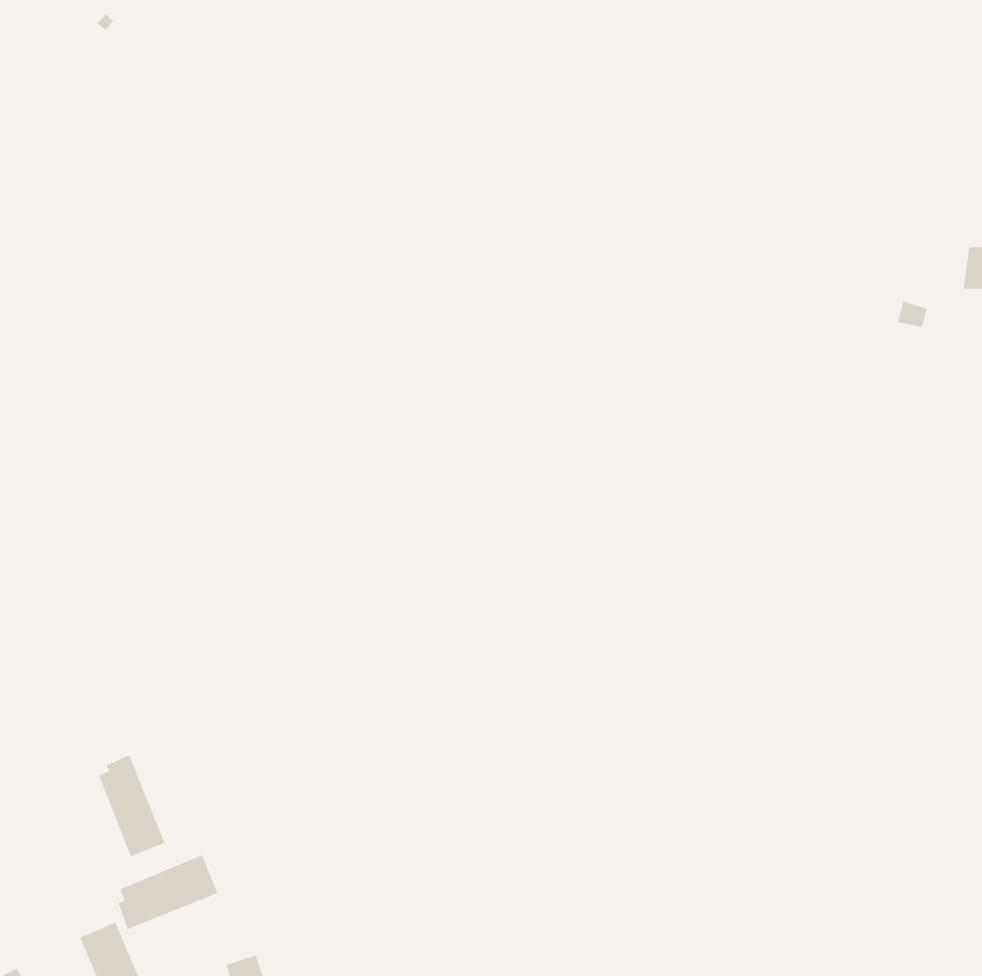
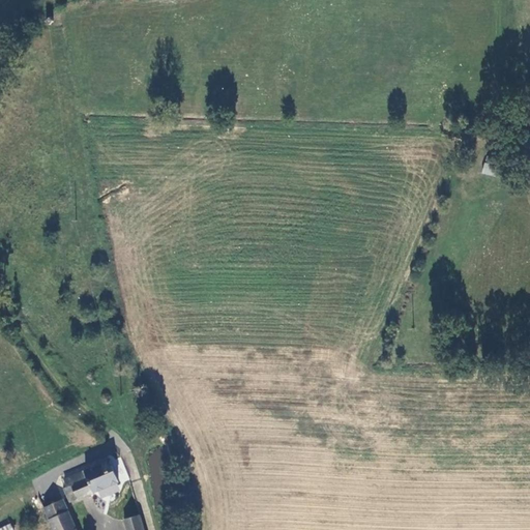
building: [99,754,165,857] -> none

